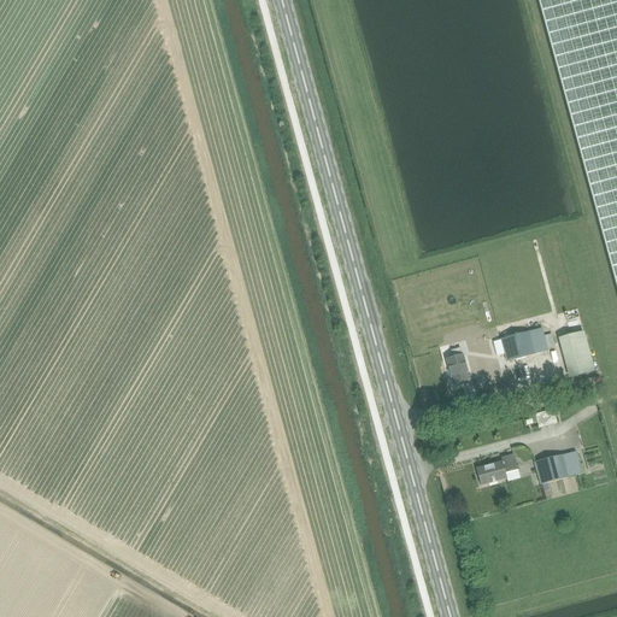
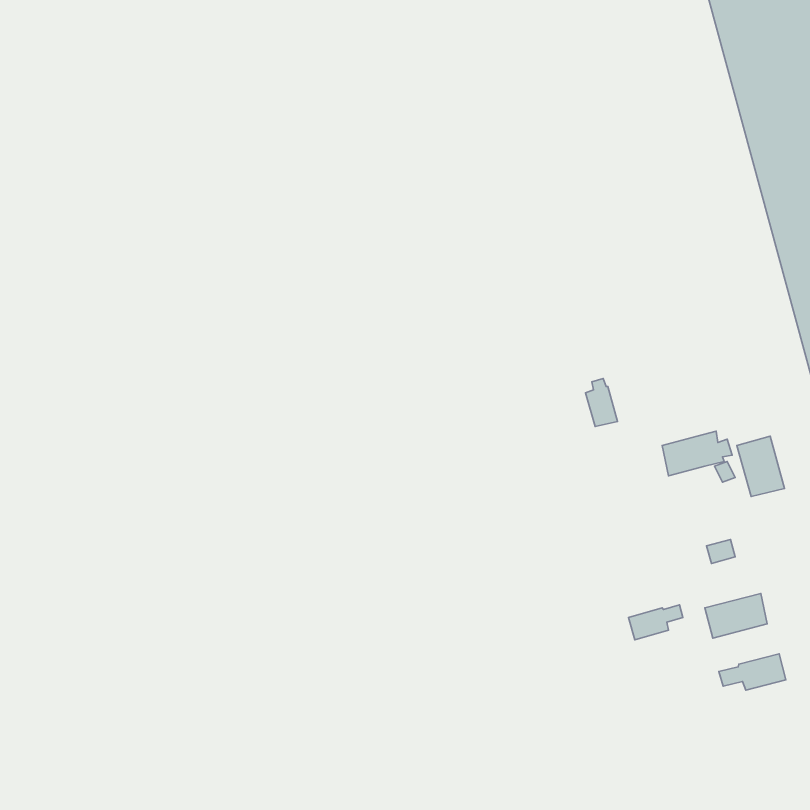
building: [448,347,472,383] -> [586,379,617,426]
building: none -> [719,654,786,690]

